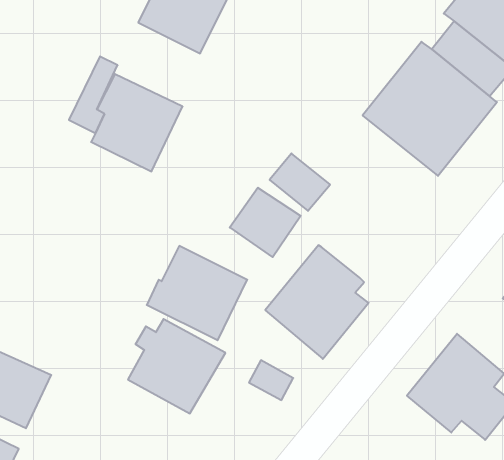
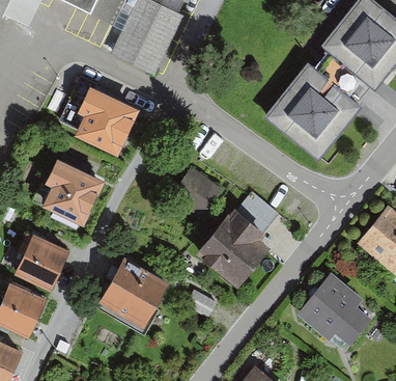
building: [270,153,330,211] -> [236,190,279,230]
building: [147,246,247,340] -> [34,158,105,224]
building: none -> [17,232,69,290]

